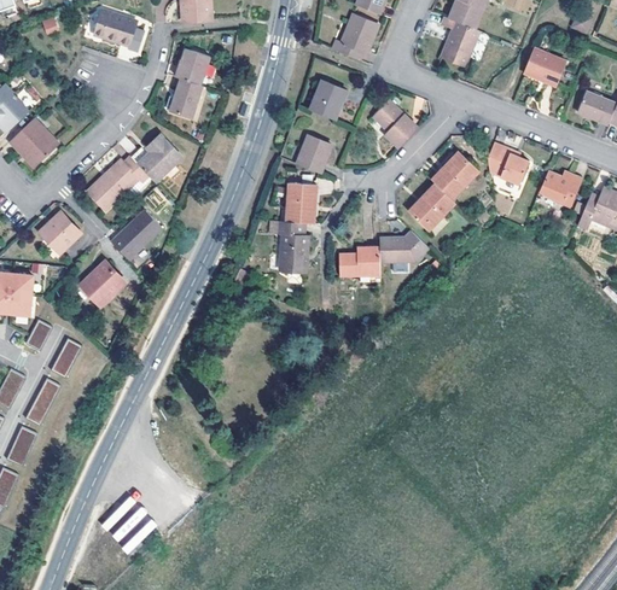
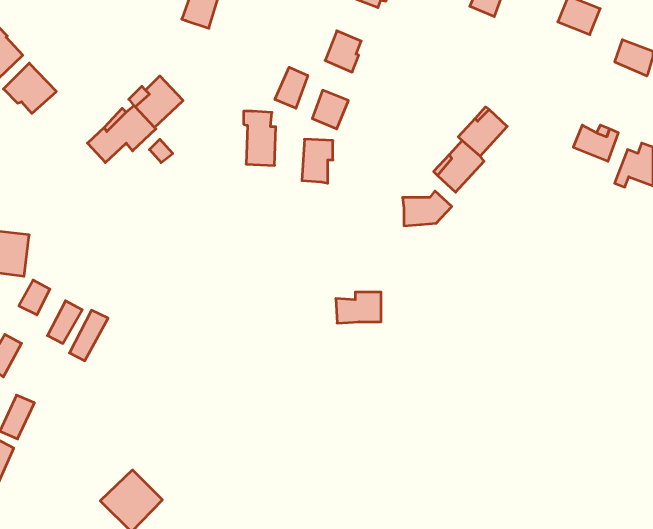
building: [170,74,200,115] -> none
building: [373,104,417,151] -> none
building: none -> [275,67,308,108]
building: [488,145,529,186] -> none
building: [110,205,161,256] -> none
building: [42,209,78,244] -> none
building: [278,223,308,274] -> [244,111,276,165]
building: [339,249,382,278] -> [336,292,381,323]
building: [82,257,124,299] -> none
building: [23,376,59,423] -> [69,310,108,361]

